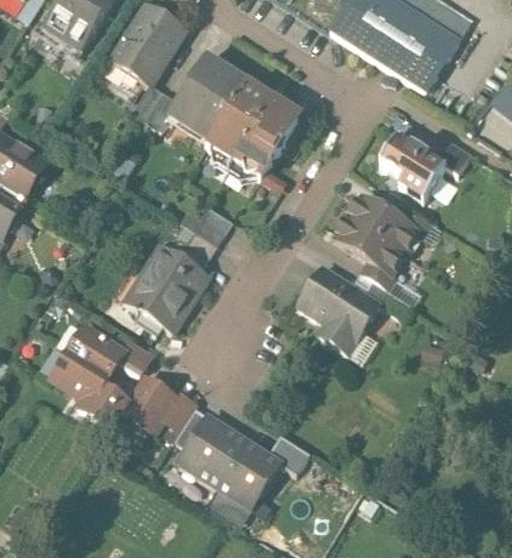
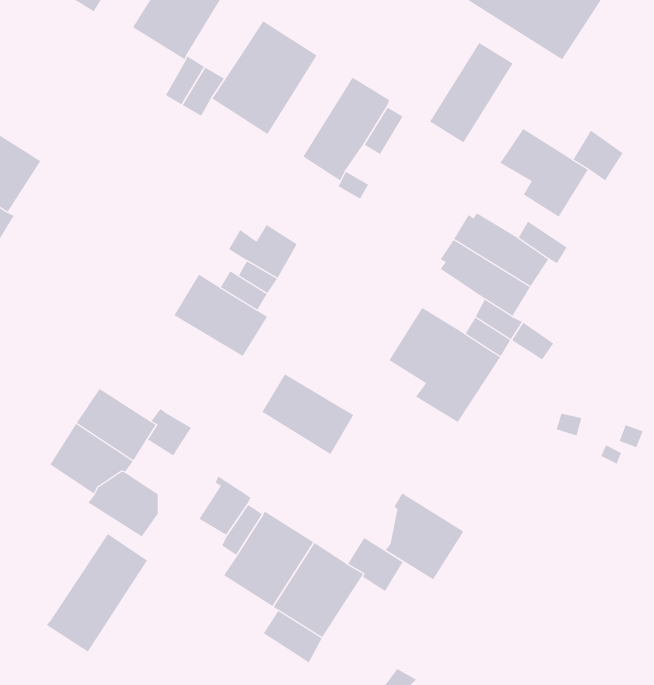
building: [209,82,271,156] -> [429,42,514,143]
building: [123,273,190,332] -> [261,374,354,455]
building: [129,380,173,432] -> none
building: none -> [385,492,464,580]
building: none -> [46,533,148,653]

